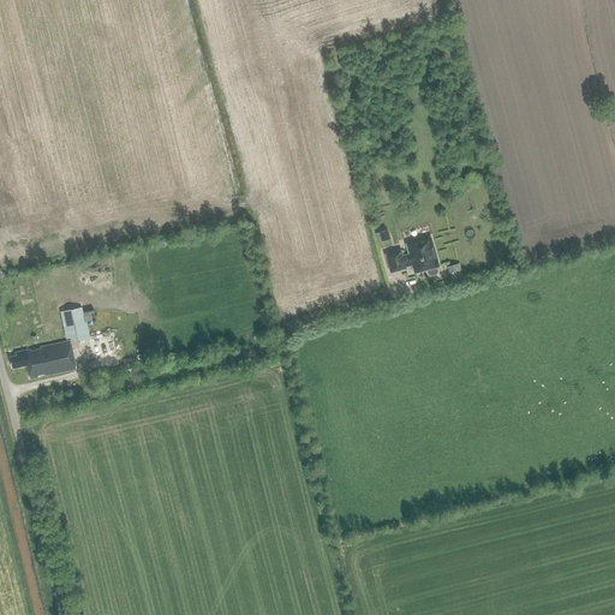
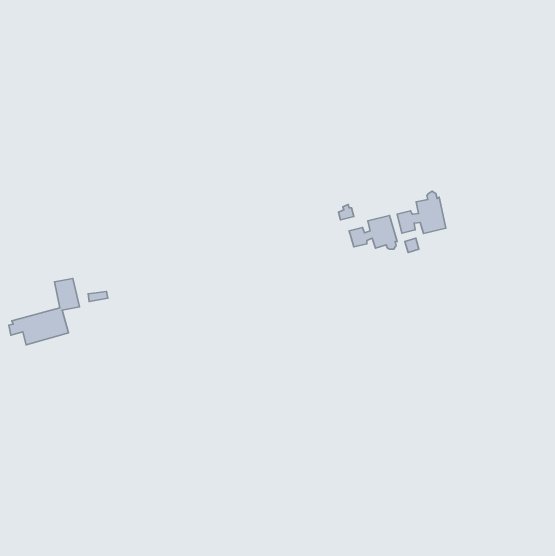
building: none -> [397,191,446,234]

